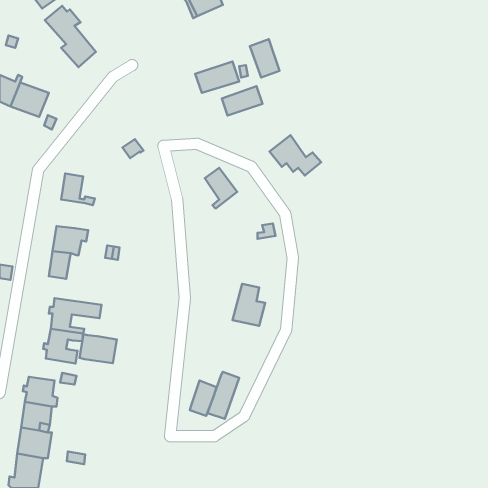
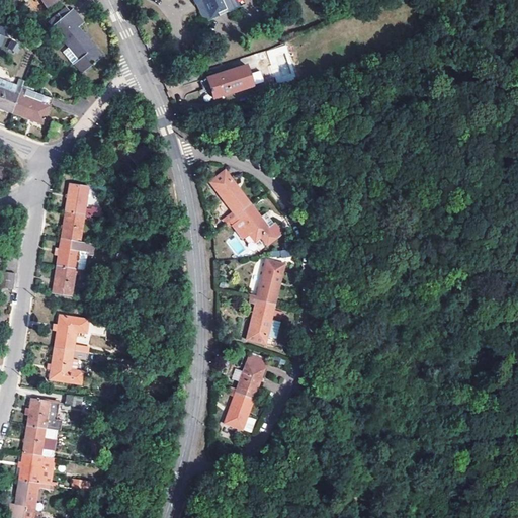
building: [222,86,262,116] -> none
building: [269,135,321,176] -> [229,202,283,245]
building: none -> [60,210,83,241]
building: none -> [245,260,284,304]
building: [79,334,117,363] -> none
building: [190,380,217,416] -> [236,361,264,399]

